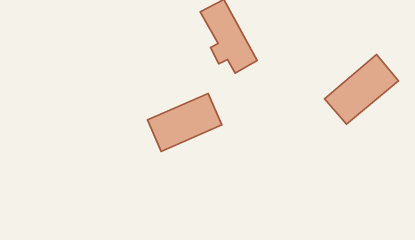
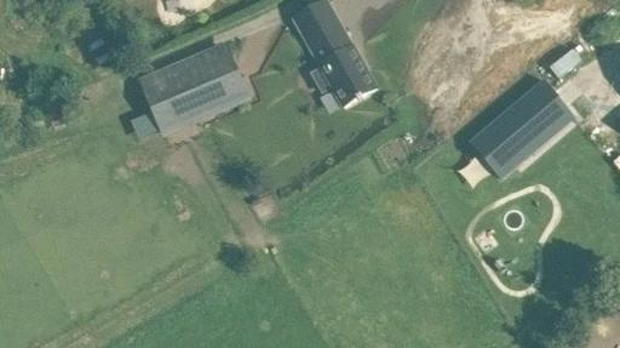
building: [148,93,222,151] -> [139,39,245,121]

